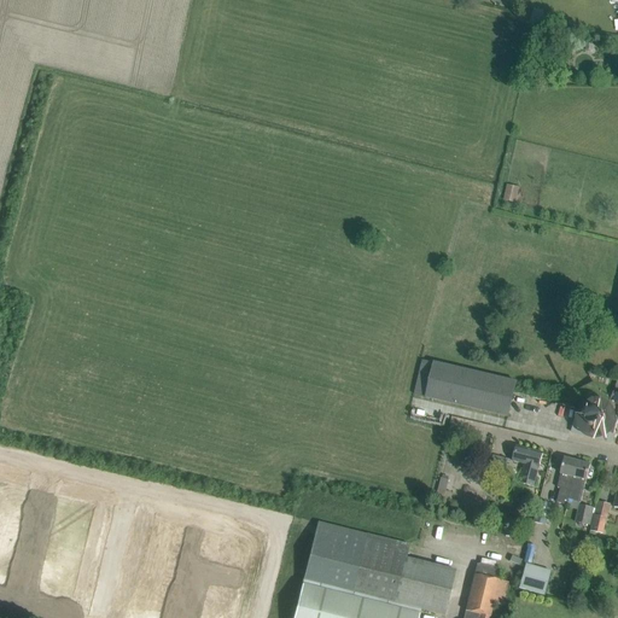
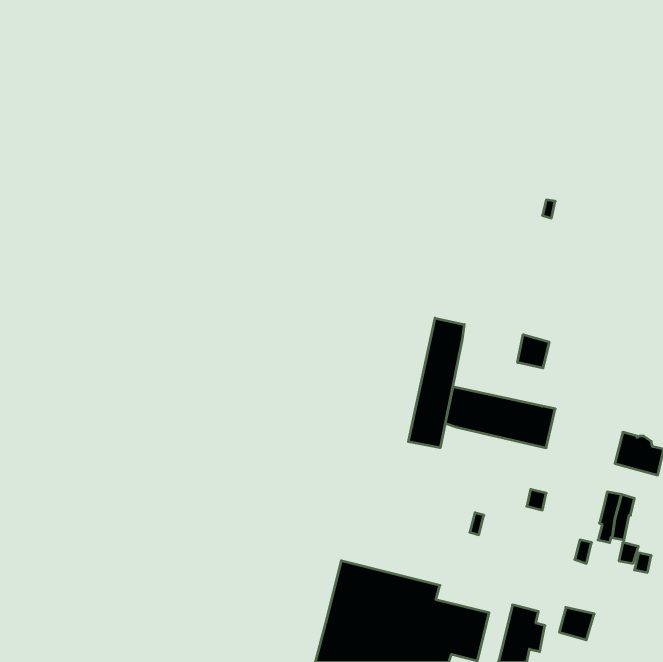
building: none -> [408,318,464,448]
building: none -> [518,335,549,368]
building: [513,445,542,485] -> none

